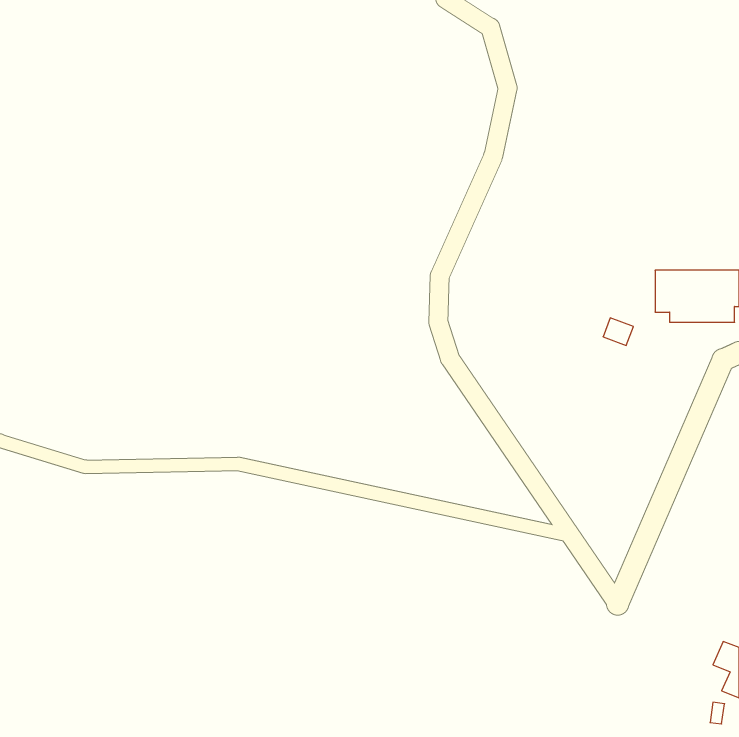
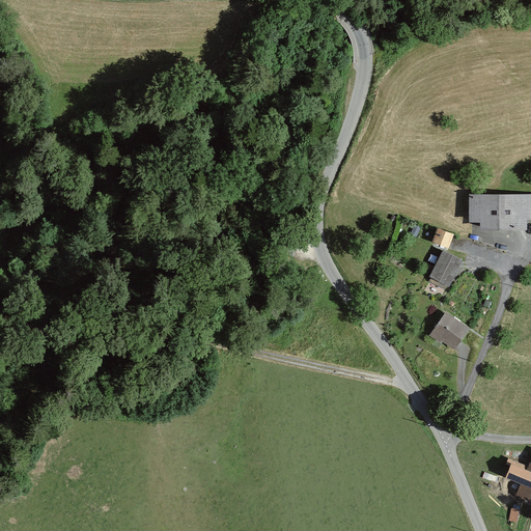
building: none -> [429,250,463,287]
building: none -> [431,312,469,350]

